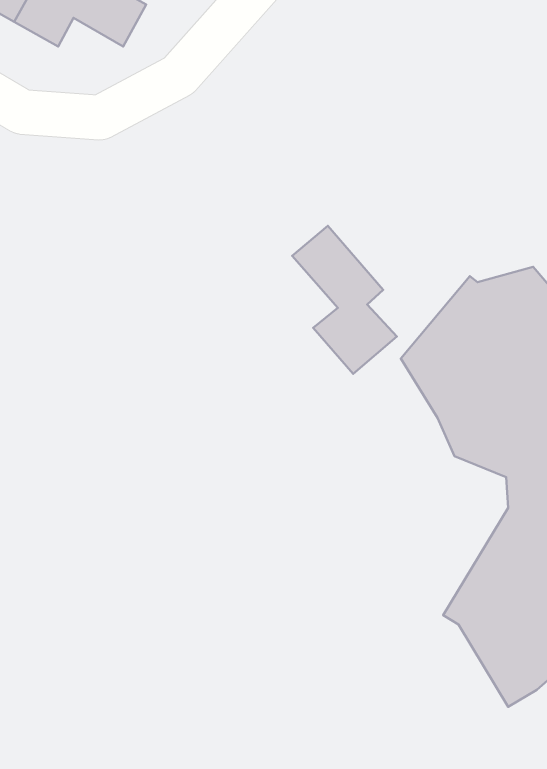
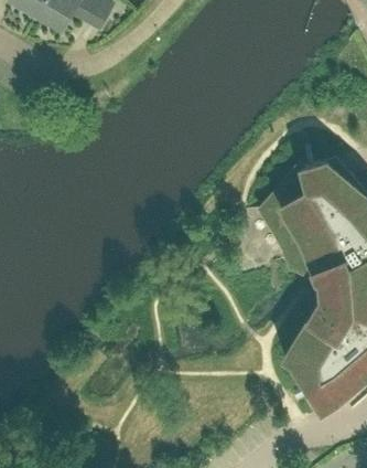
building: [292,226,397,374] -> none

